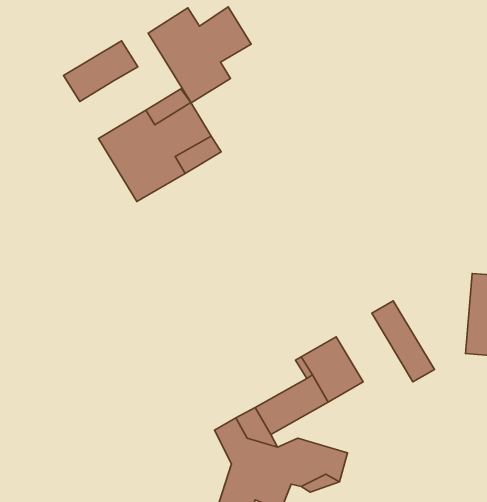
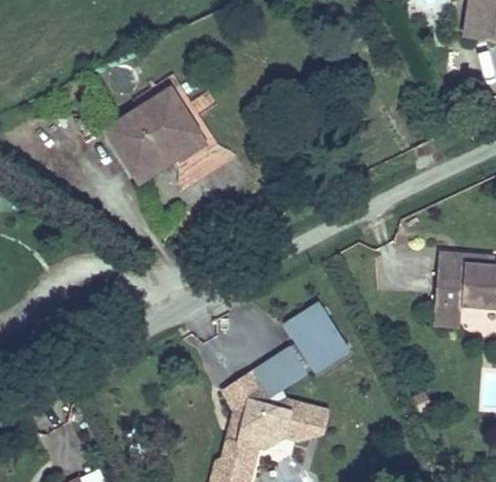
building: [148,7,251,103] -> none
building: [63,41,138,101] -> none
building: [372,301,434,382] -> none

